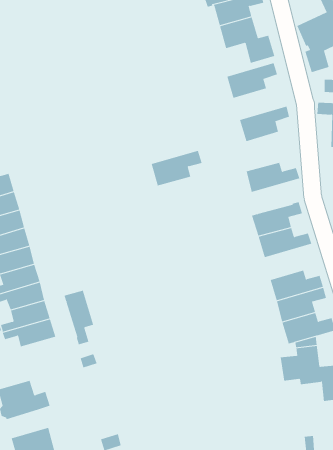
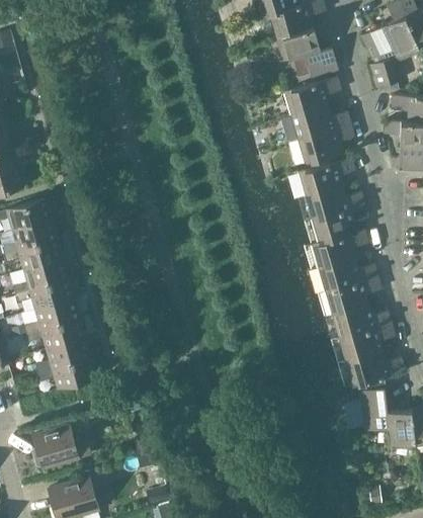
building: none -> [291,104,351,139]
building: [151,150,202,186] -> [299,156,355,195]
building: none -> [312,203,368,242]
building: none -> [326,275,382,315]
building: [64,290,94,345] -> none

